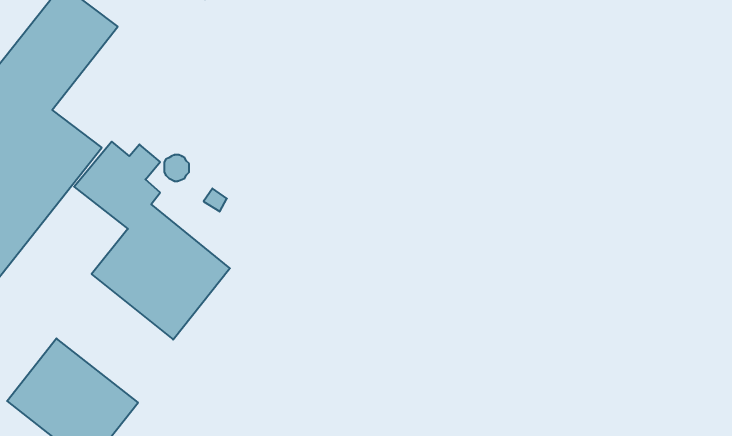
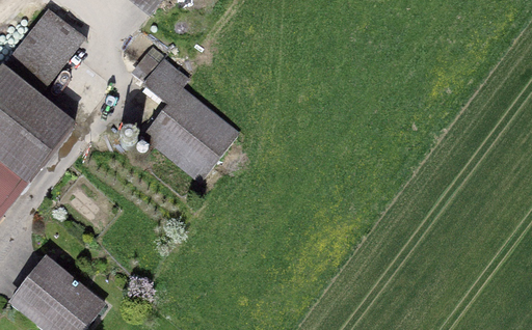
building: [74,142,230,340] -> [129,40,240,182]

